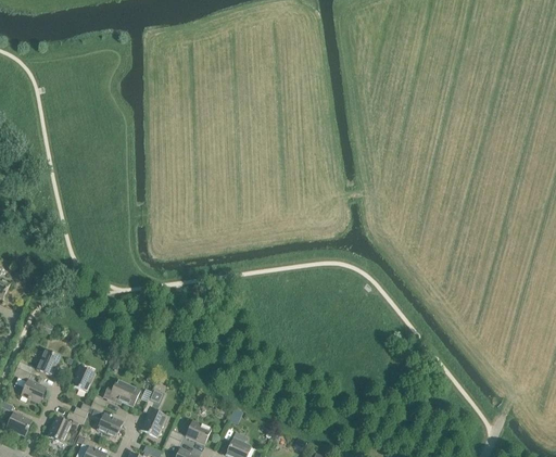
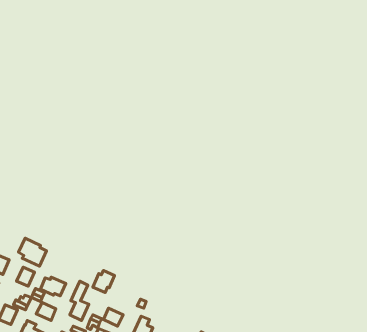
building: none -> [18,238,46,266]
building: none -> [93,270,115,292]

